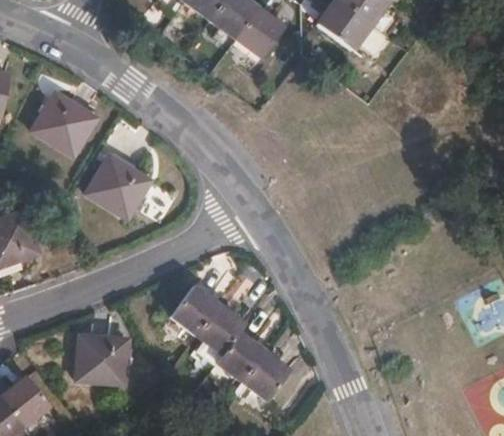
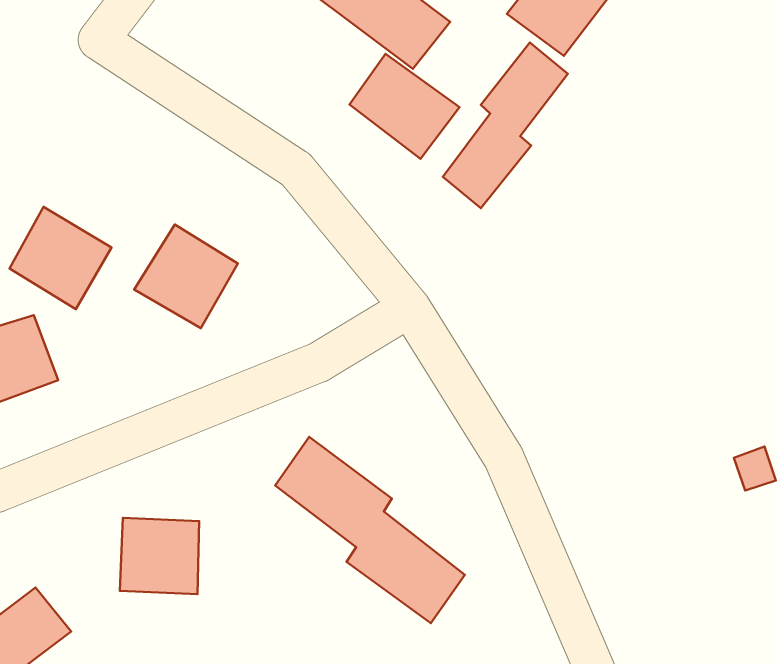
building: none -> [443,42,568,208]
building: none -> [350,54,459,159]
building: [33,92,96,155] -> [9,207,111,309]

